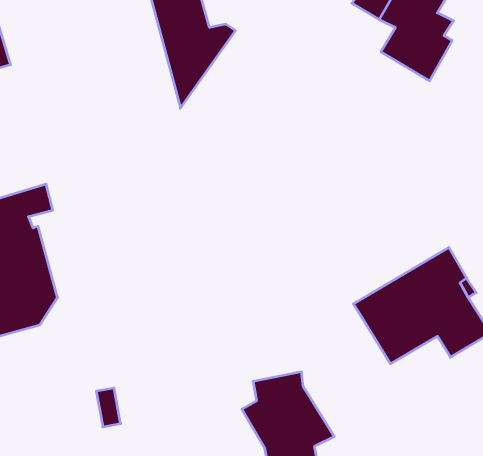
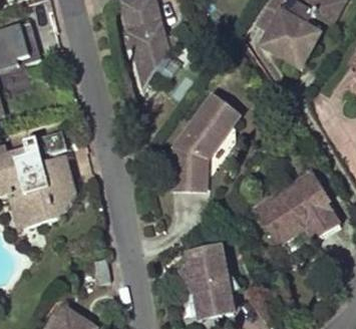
building: none -> [171,93,239,189]

